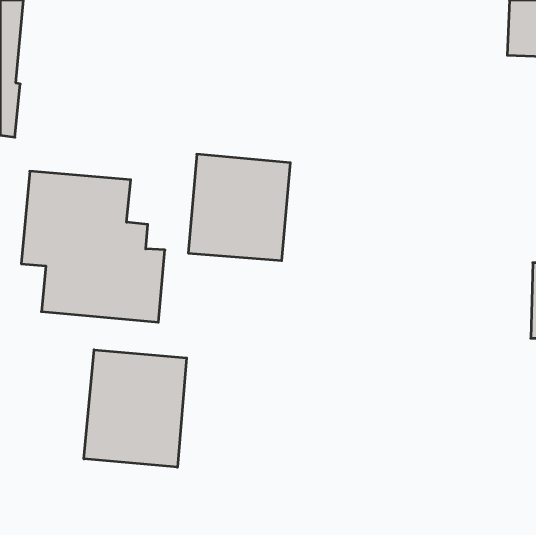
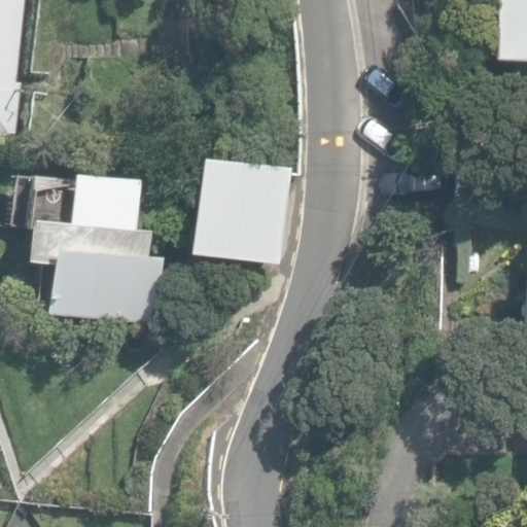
building: [84,350,187,467] -> none

